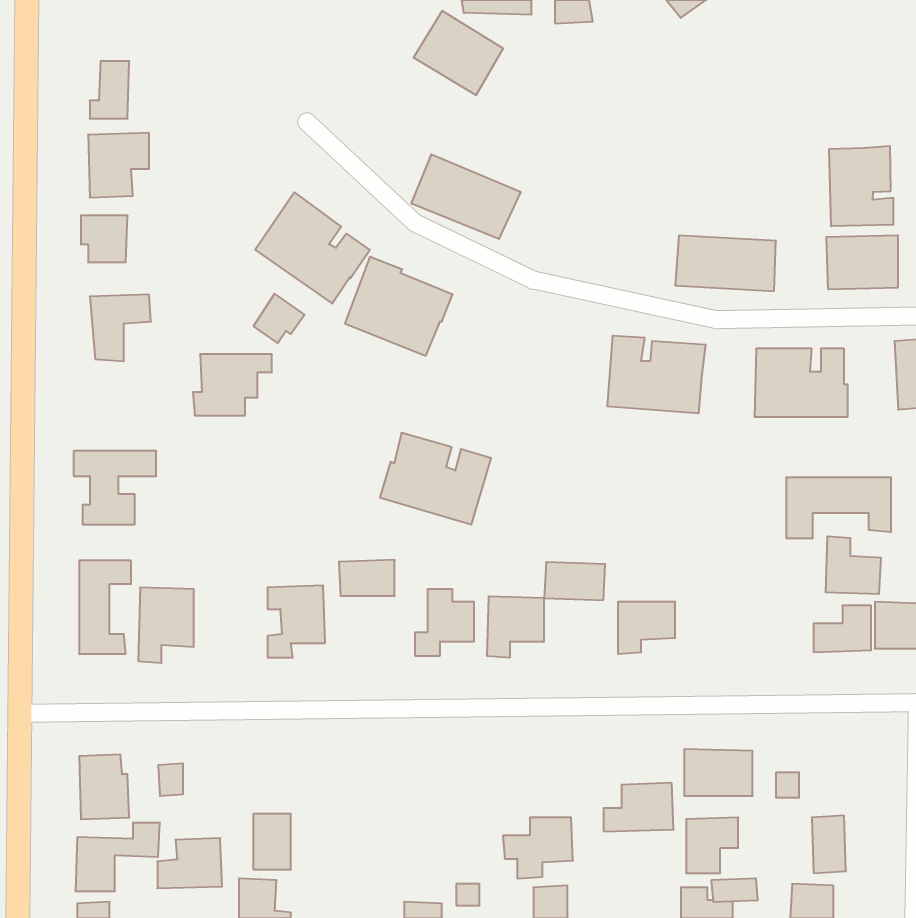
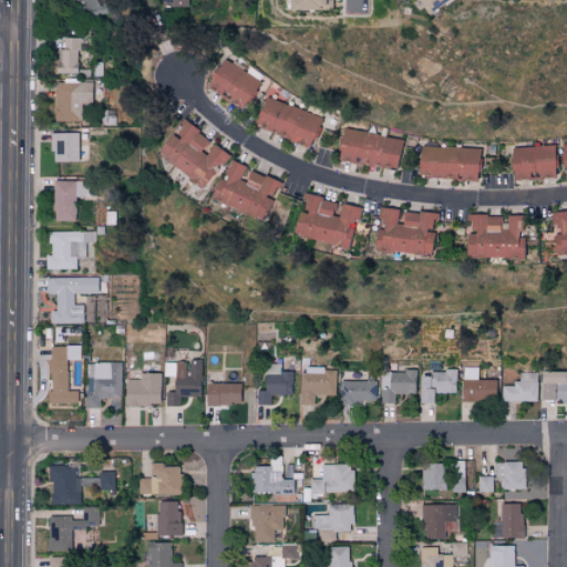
building: [413,11,503,95] -> [206,58,261,110]
building: [829,146,893,226] -> none
building: none -> [337,127,403,171]
building: [254,294,304,343] -> none
building: [193,354,272,415] -> [47,231,95,269]
building: [380,433,491,525] -> [292,193,361,249]
building: [787,477,891,539] -> none
building: [825,536,881,594] -> [463,367,497,402]
building: [339,560,395,596] -> [206,382,240,404]
building: [544,562,605,600] -> [341,380,379,403]
building: none -> [419,370,457,404]
building: none -> [125,373,161,405]
building: none -> [251,456,297,493]
building: none -> [496,462,526,489]
building: [604,783,674,831] -> [311,463,354,493]
building: none -> [252,505,285,543]
building: [157,838,222,888] -> [140,464,179,495]

